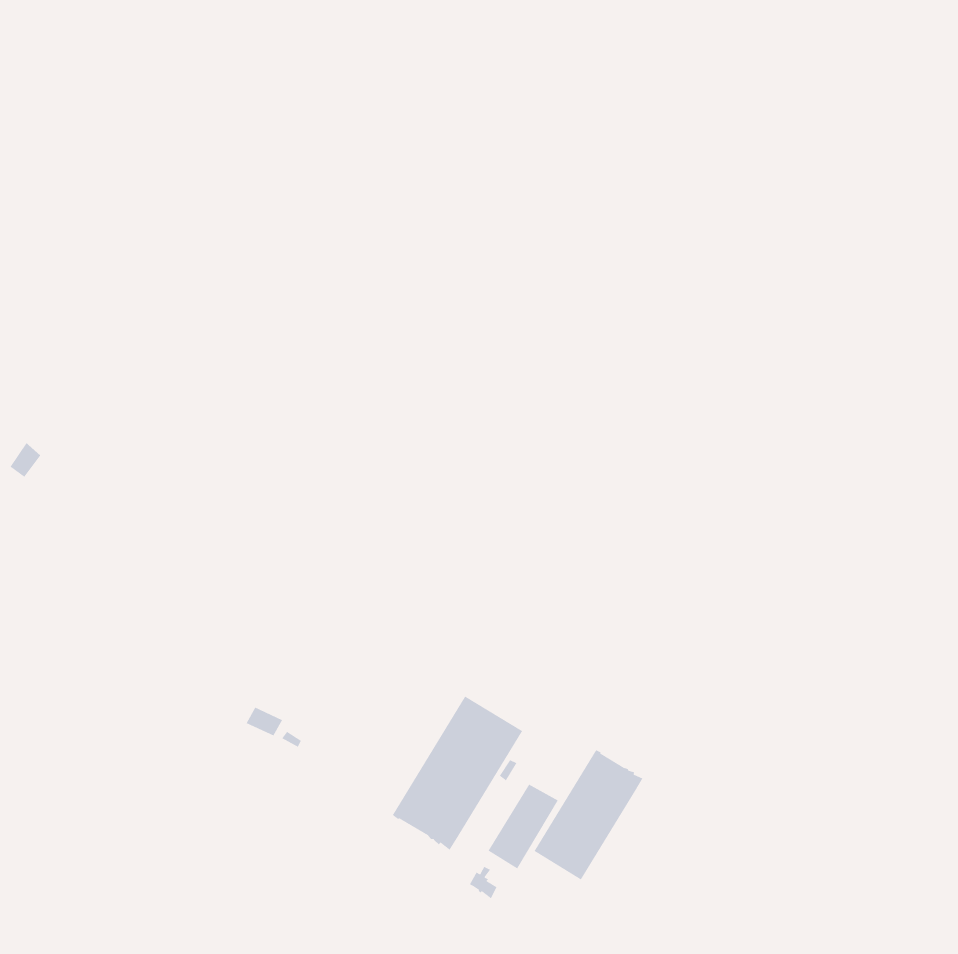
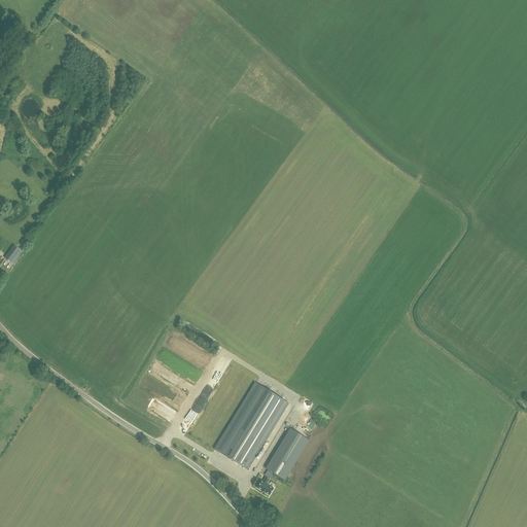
building: [533,749,644,880] -> none

